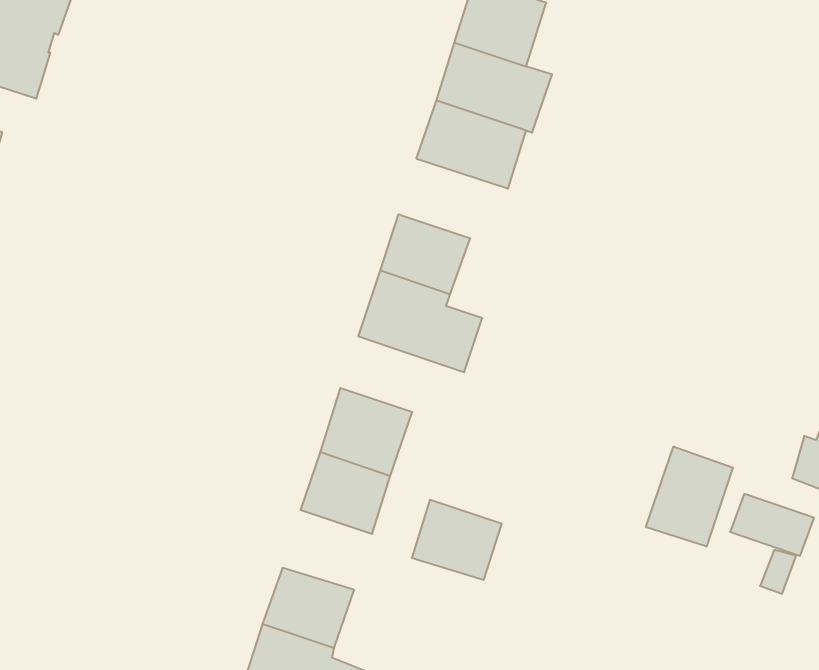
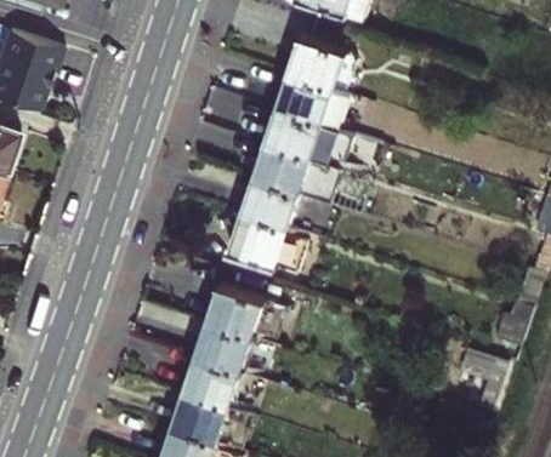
building: none -> [252,143,343,202]
building: [646,447,733,547] -> none
building: [412,500,502,580] -> [182,356,237,405]

